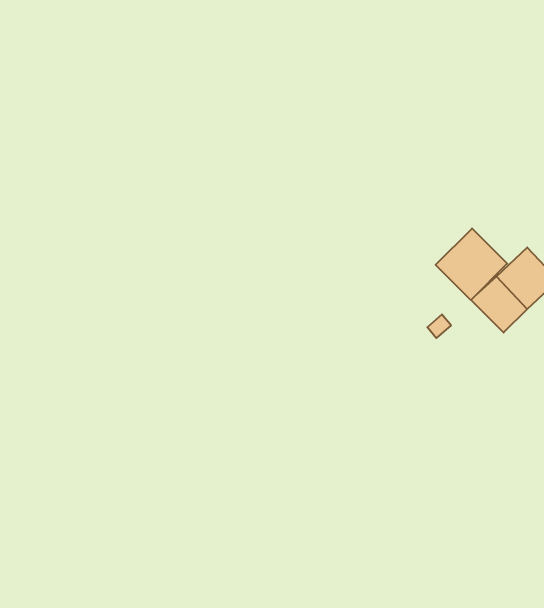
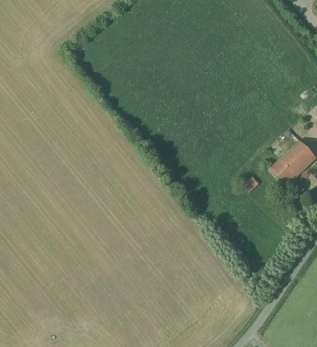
building: [436,228,507,300] -> none

